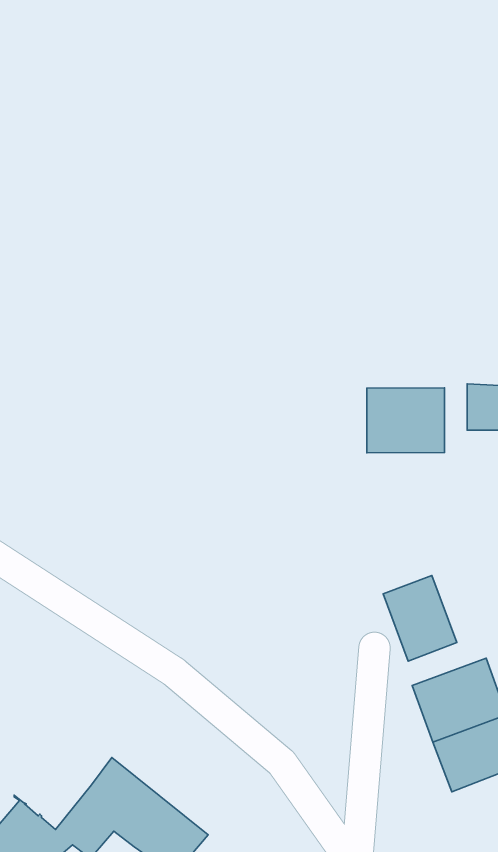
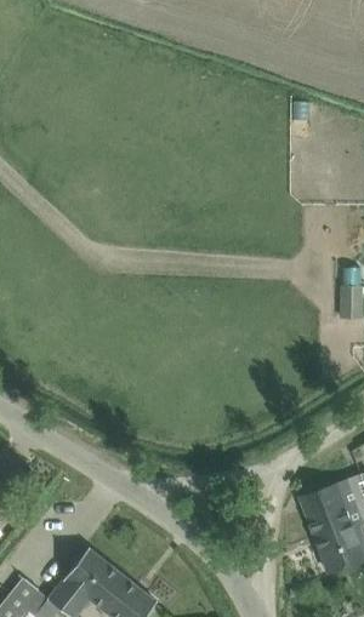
building: [367,388,444,453] -> none
building: [383,575,457,661] -> none

